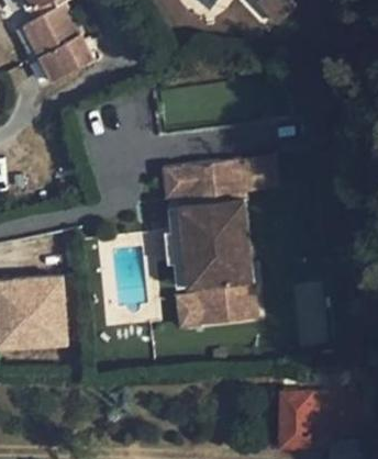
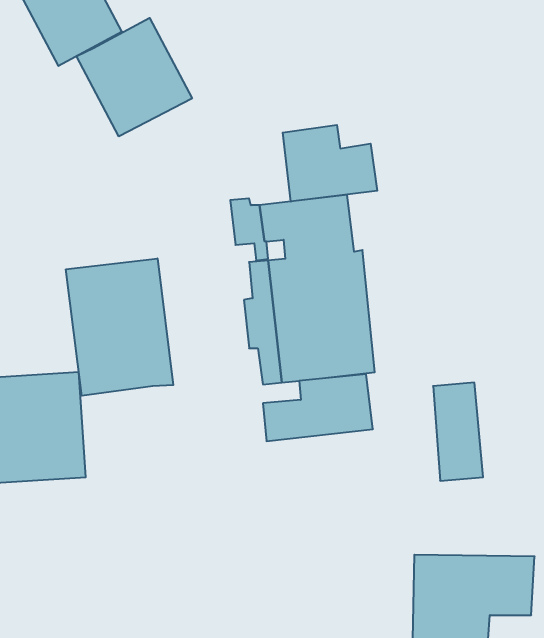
building: none -> [76,18,192,136]
building: none -> [283,125,377,202]
building: none -> [66,258,173,396]

